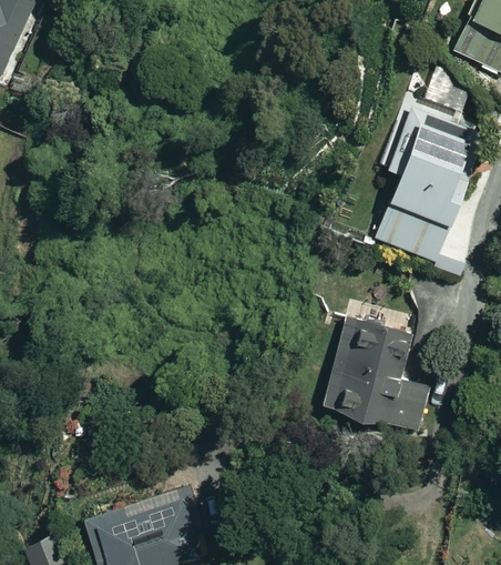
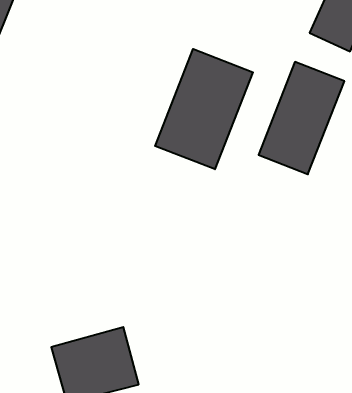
building: none -> [155,49,253,169]
building: [319,300,430,435] -> none

